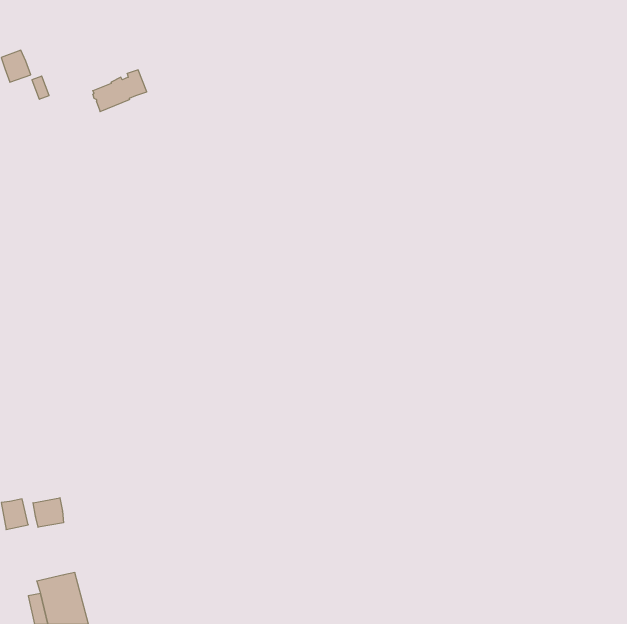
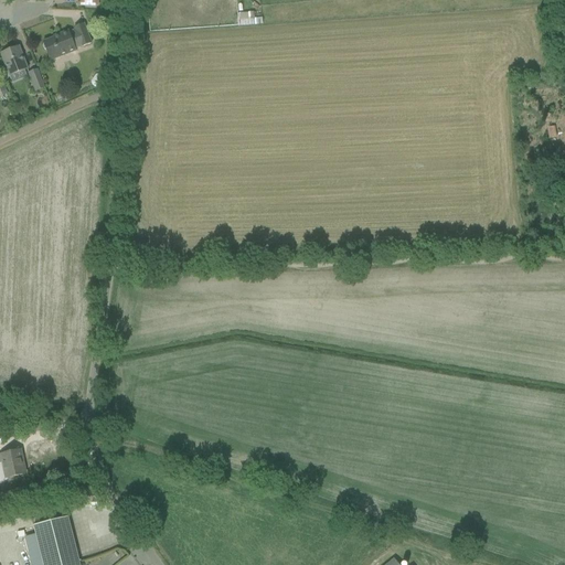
building: [93,70,147,112] -> [43,22,92,60]
building: [33,498,63,527] -> none

